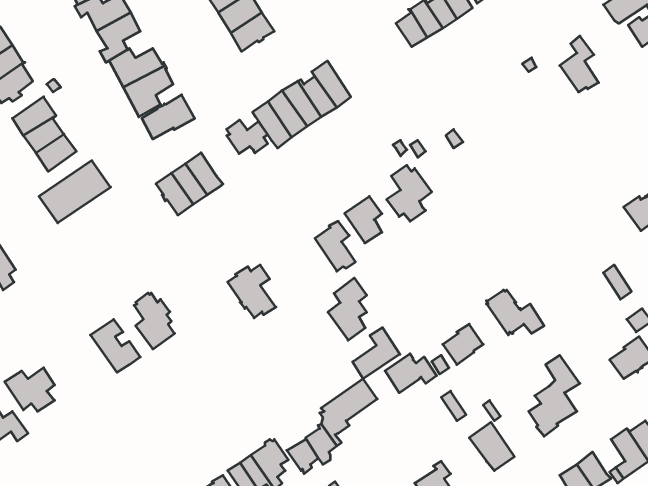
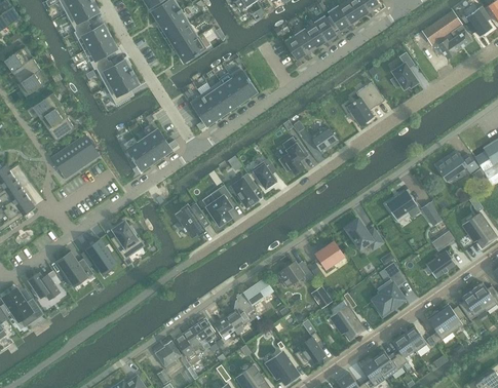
building: none -> [346,82,384,125]
building: [142,95,195,139] -> none
building: [227,120,268,154] -> none
building: none -> [310,126,337,154]
building: none -> [385,190,416,223]
building: [328,278,367,340] -> [205,185,231,226]
building: [353,328,400,379] -> none
building: none -> [54,251,91,288]

